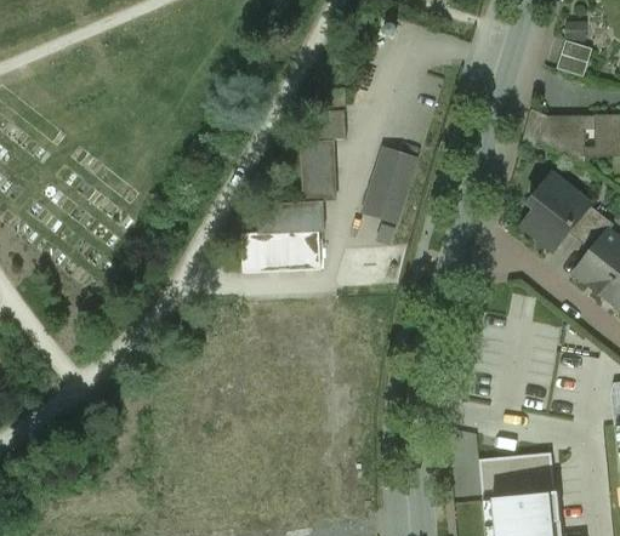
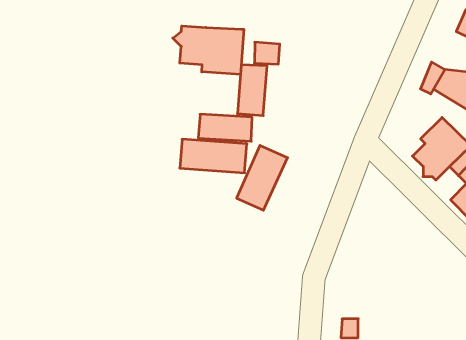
building: none -> [173,26,244,74]
building: [362,148,417,226] -> [237,145,288,210]

